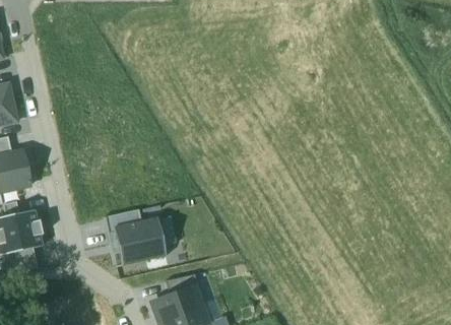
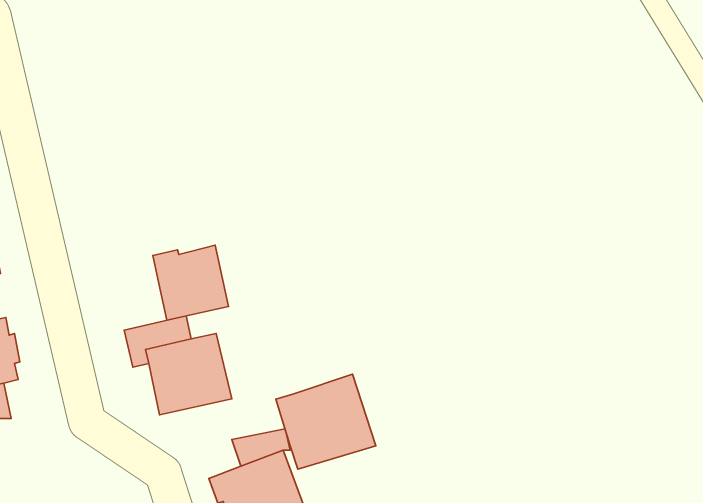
building: none -> [153,245,229,320]
building: none -> [276,374,376,469]

